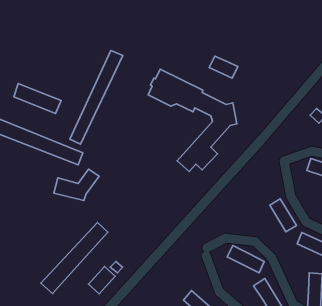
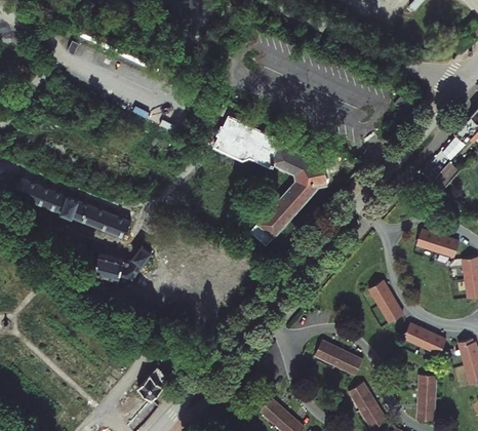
building: [70,51,123,144] -> none
building: [209,56,238,78] -> none
building: [14,83,61,114] -> none
building: [41,223,108,293] -> none

